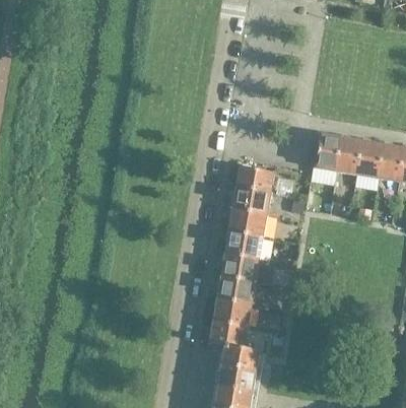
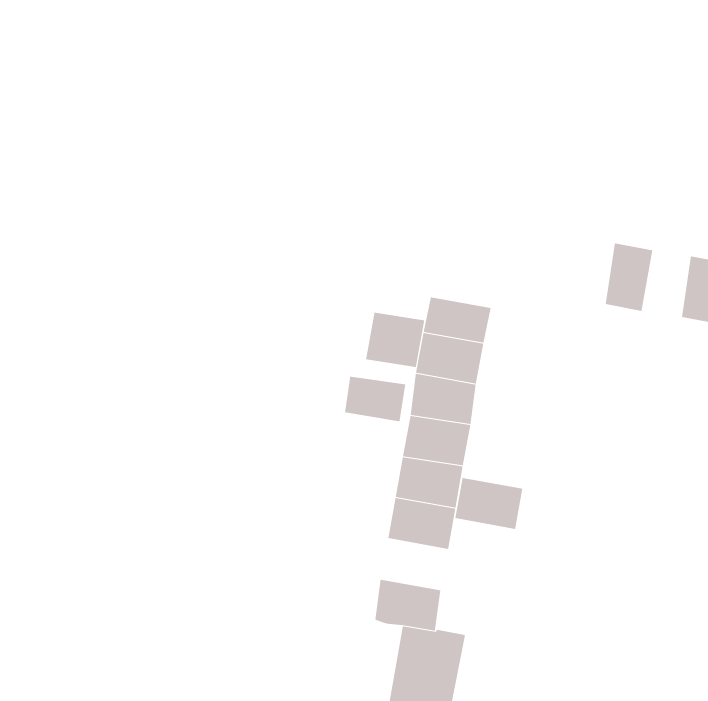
building: [317,133,342,169] -> none
building: [357,140,384,177] -> none
building: none -> [365,312,425,368]
building: none -> [344,376,406,422]
building: [214,297,252,326] -> [454,477,523,529]

